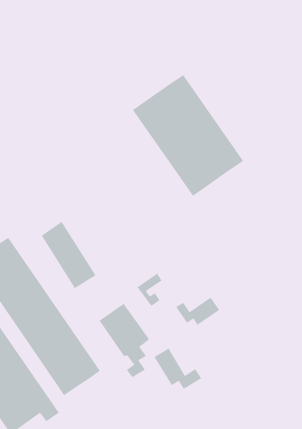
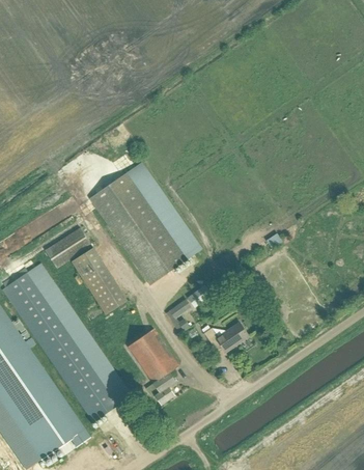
building: [132,74,244,197] -> [88,162,199,283]
building: none -> [44,227,90,267]
building: [153,348,202,390] -> none

